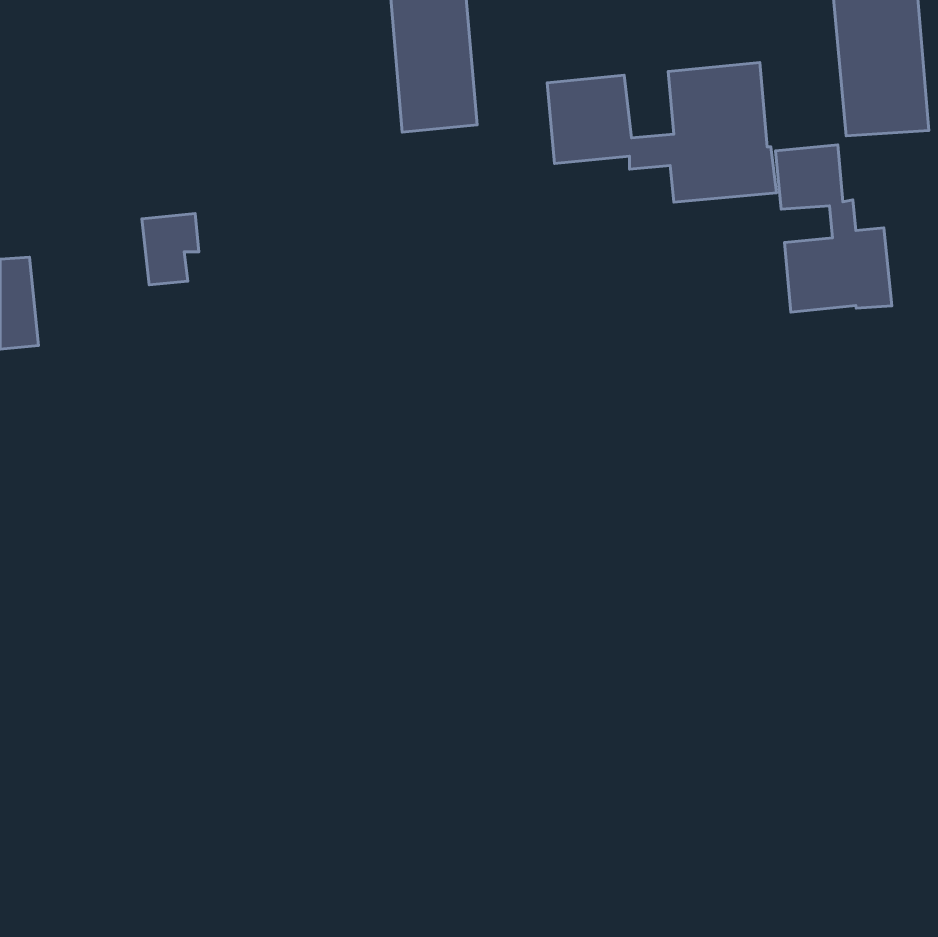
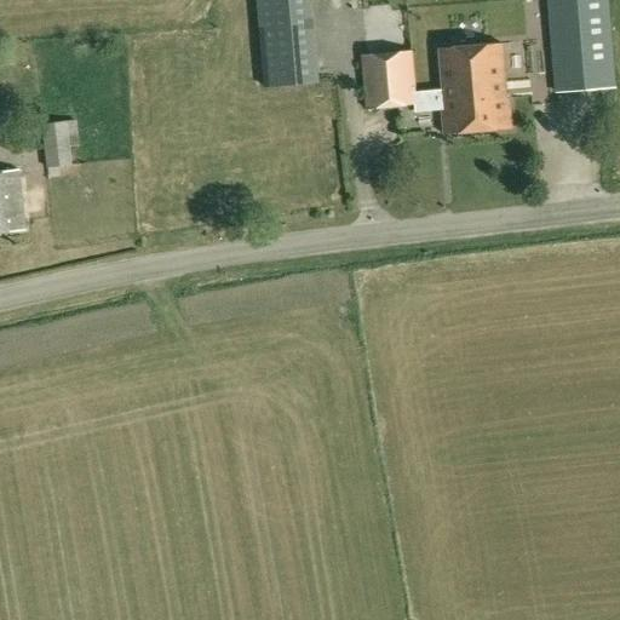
building: [776,145,892,312] -> none
building: [142,213,199,285] -> [42,119,80,166]

